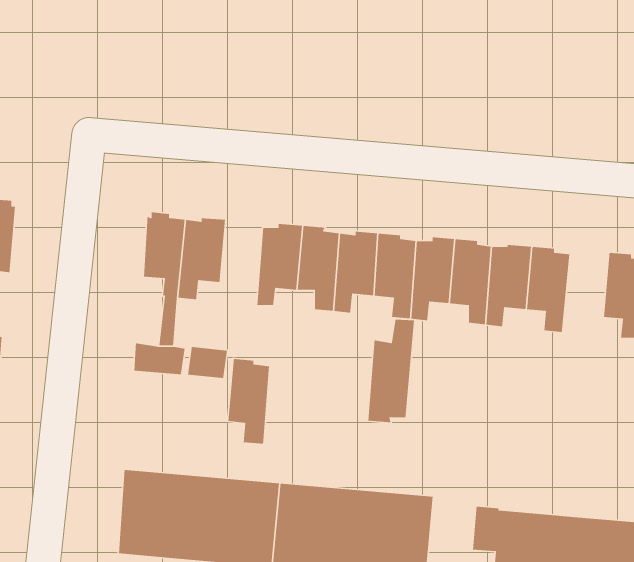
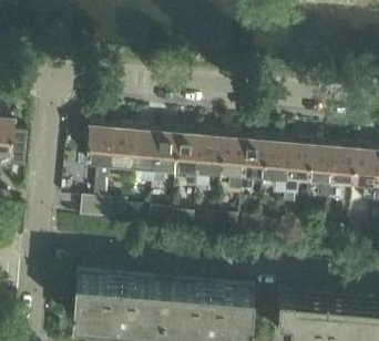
building: none -> [328,148,355,196]
building: [368,319,415,423] -> none
building: [227,358,270,445] -> [131,131,155,180]

